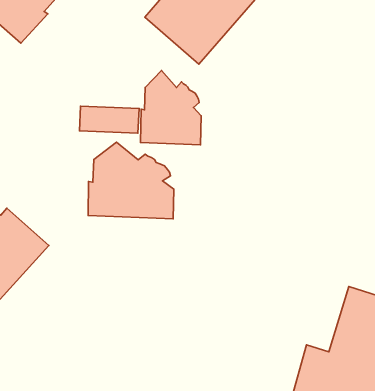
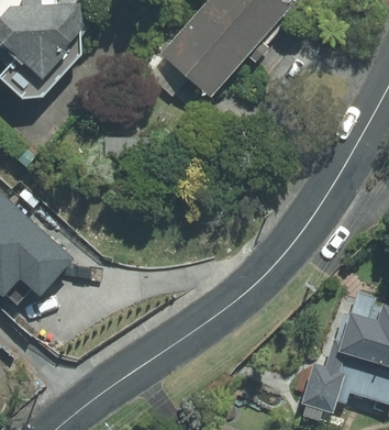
building: [141,71,201,145] -> none
building: [88,142,174,219] -> none

